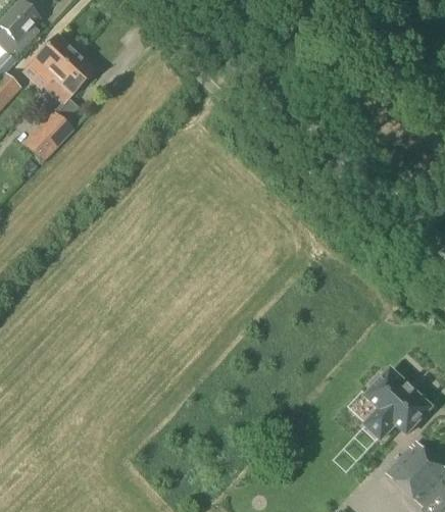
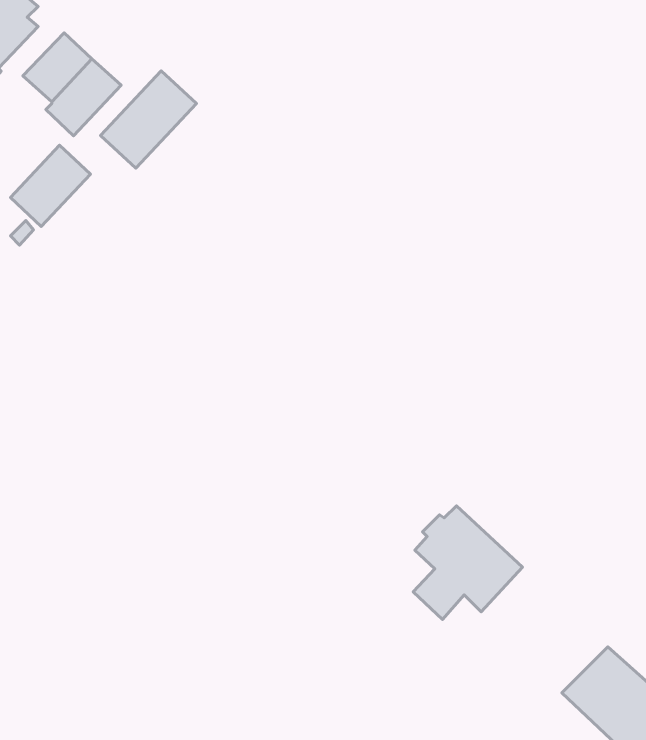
building: none -> [100,71,197,168]
building: [362,367,435,443] -> [413,506,523,620]

